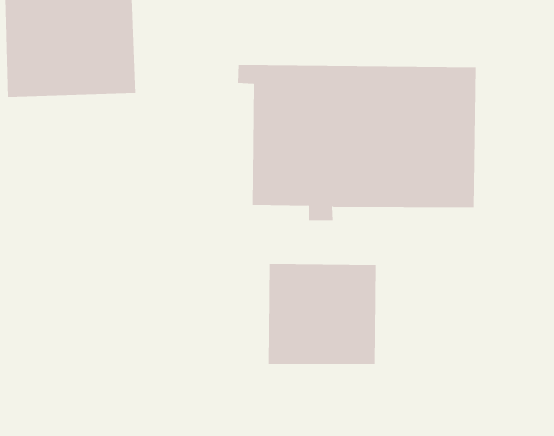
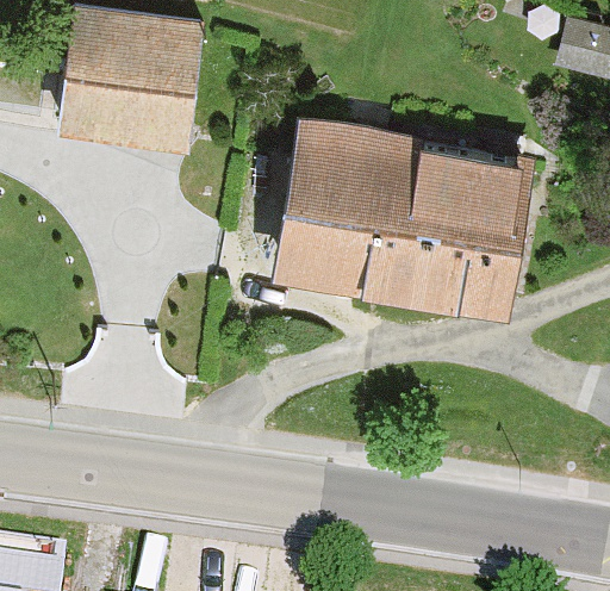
building: [268,263,376,365] -> none

